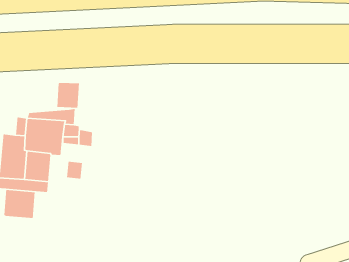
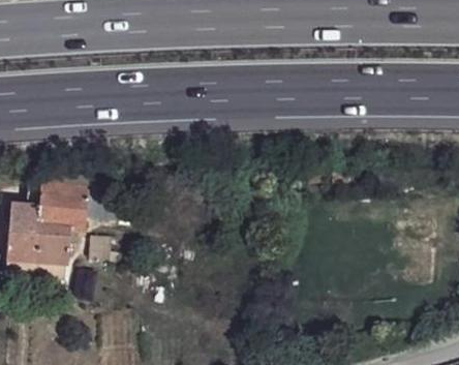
building: [57,82,80,108] -> none
building: [4,189,35,219] -> none

